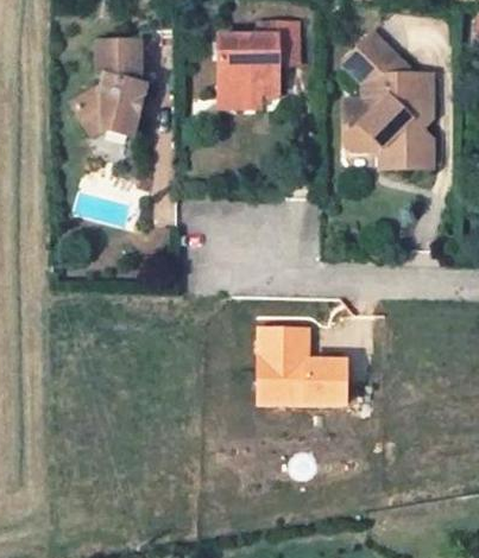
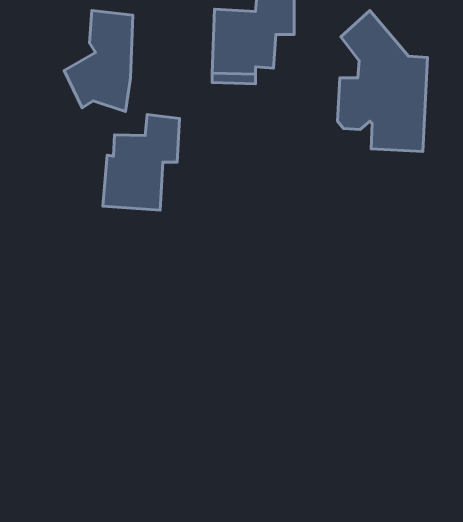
building: none -> [103,114,179,210]
building: [267,335,357,412] -> none

